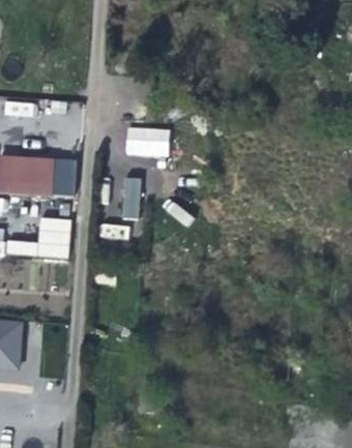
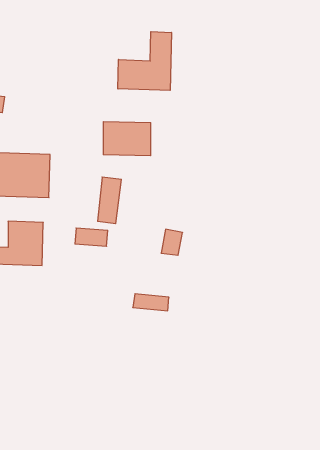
building: none -> [118,32,171,90]

